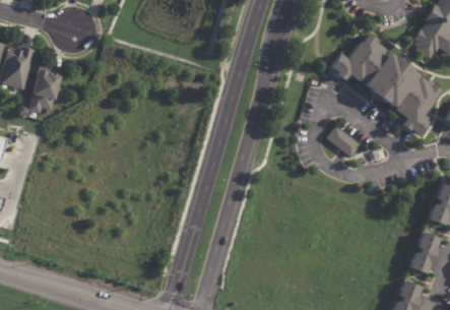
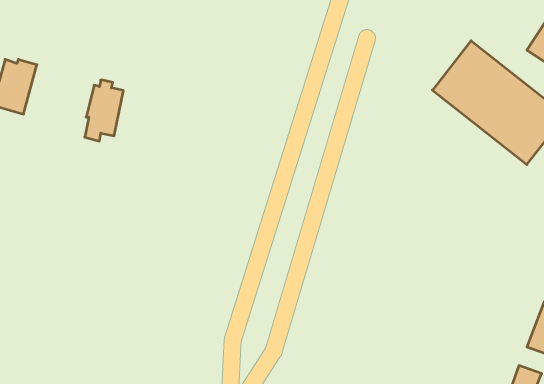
building: [31,67,61,114] -> [85,80,123,141]
building: [327,125,361,157] -> none

